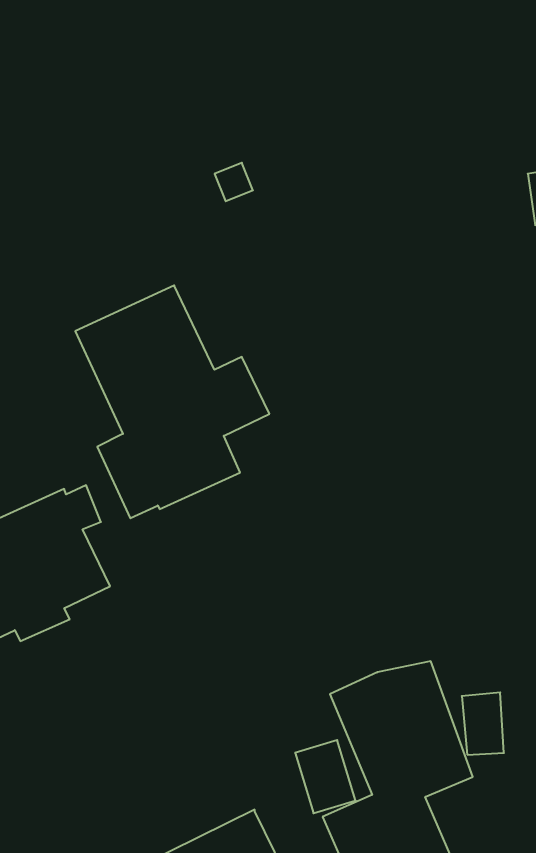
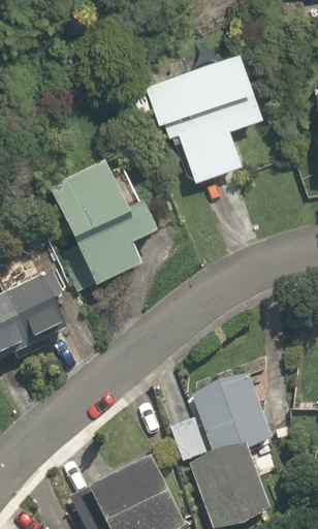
building: none -> [146,51,261,178]

